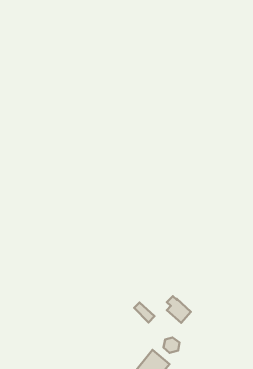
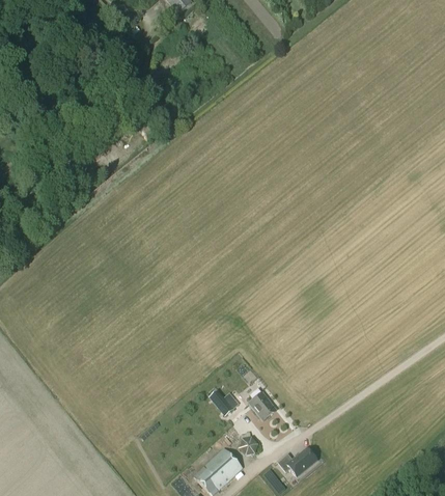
building: none -> [278,447,316,475]

